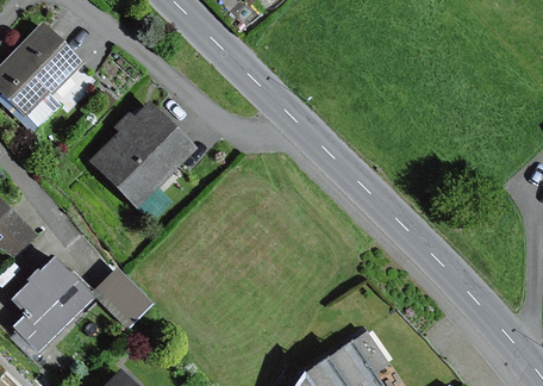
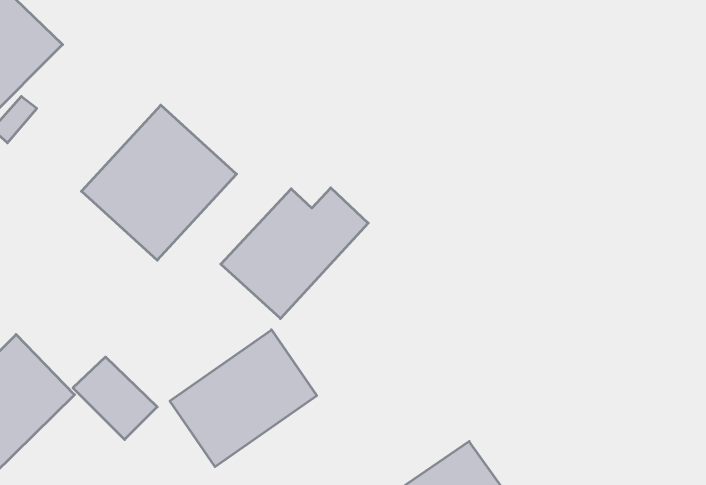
building: none -> [221,188,368,319]
building: none -> [170,330,317,467]

